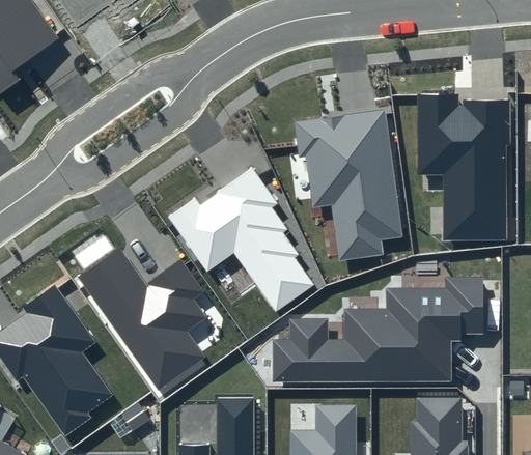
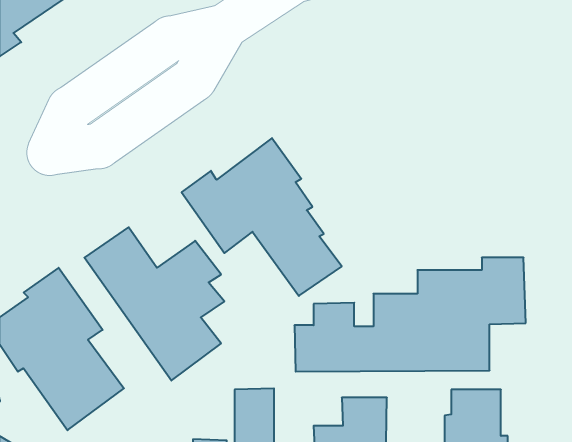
building: [417,97,508,240] -> none
building: [295,109,402,261] -> none

